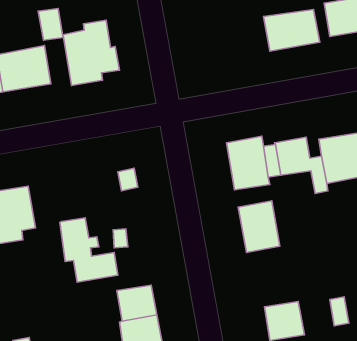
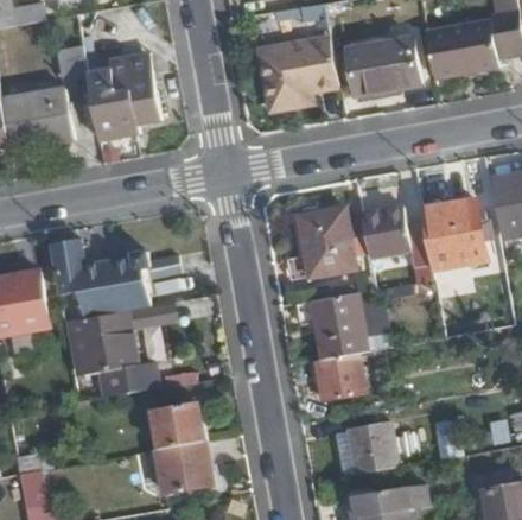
building: none -> [261,38,338,109]
building: none -> [55,236,146,318]
building: none -> [314,353,363,401]

